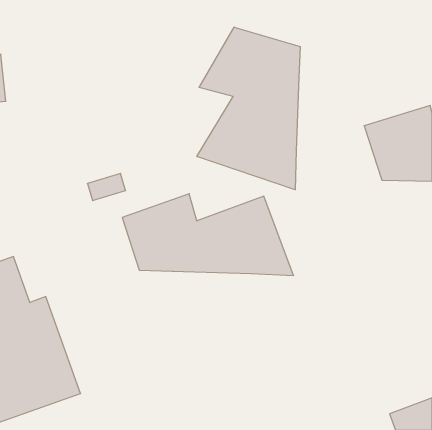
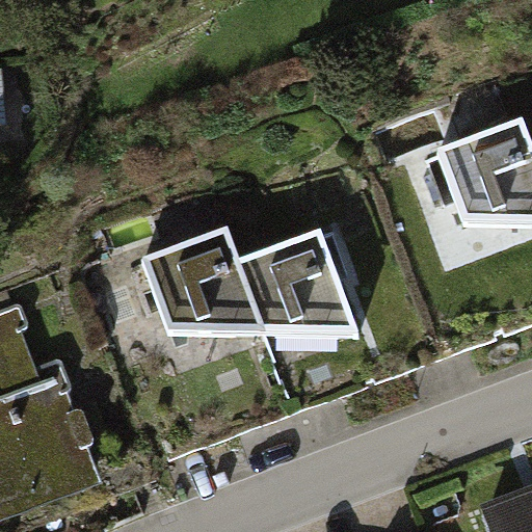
building: [197,27,300,190] -> none

